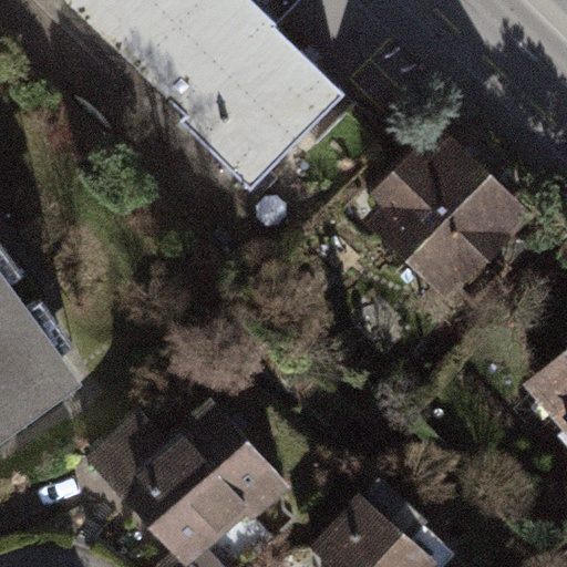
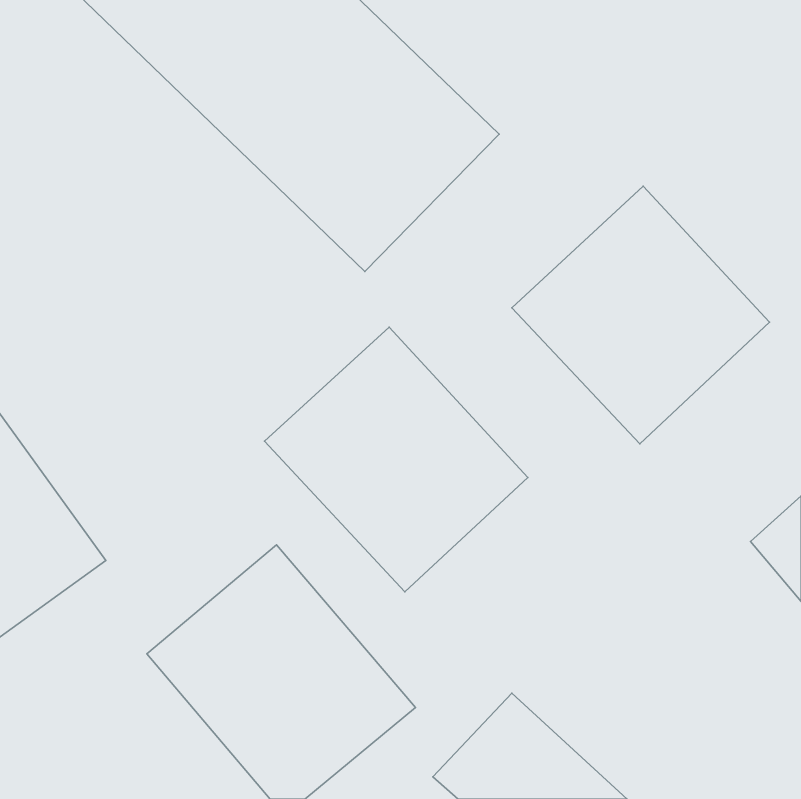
building: none -> [264,327,528,592]

